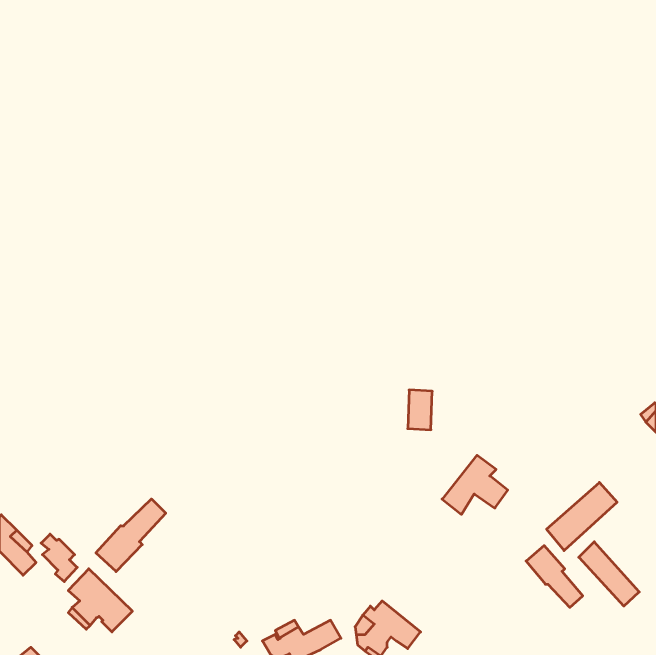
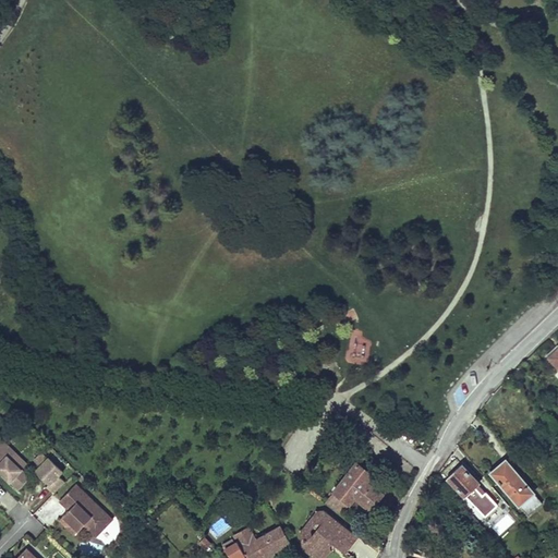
building: [442,455,508,514] -> [325,464,380,514]
building: [547,482,617,551] -> none
building: [96,499,166,572] -> none

